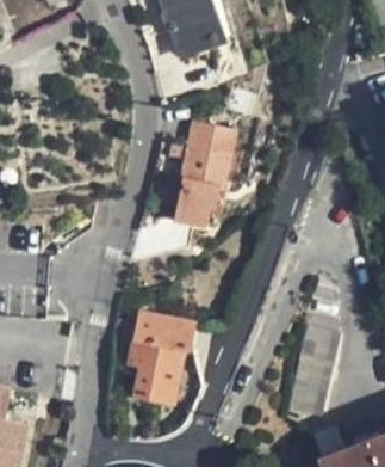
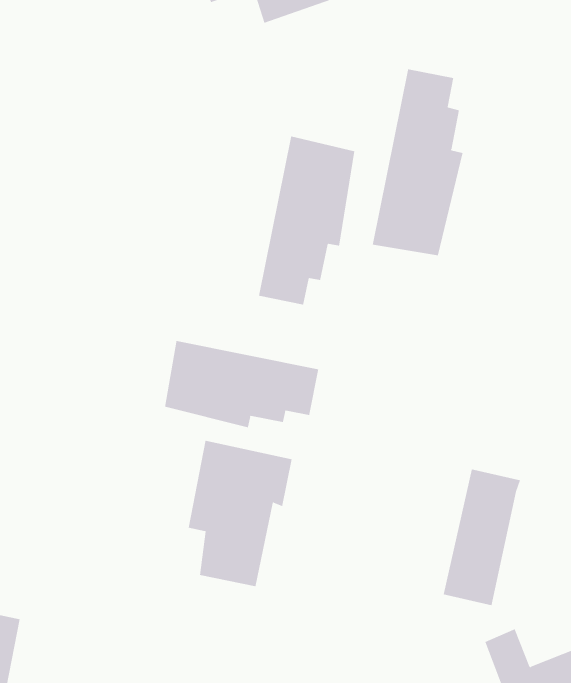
building: none -> [372,68,463,256]
building: none -> [165,340,319,428]

